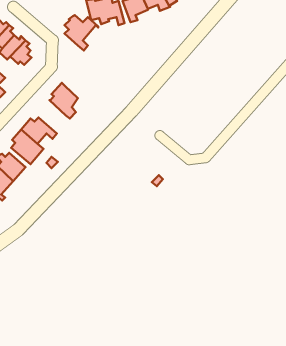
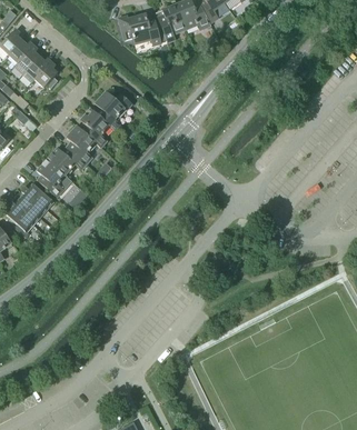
building: [65,15,98,51] -> [95,91,131,130]
building: none -> [66,124,96,163]

